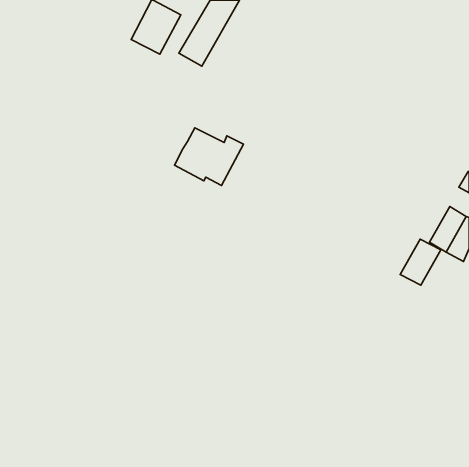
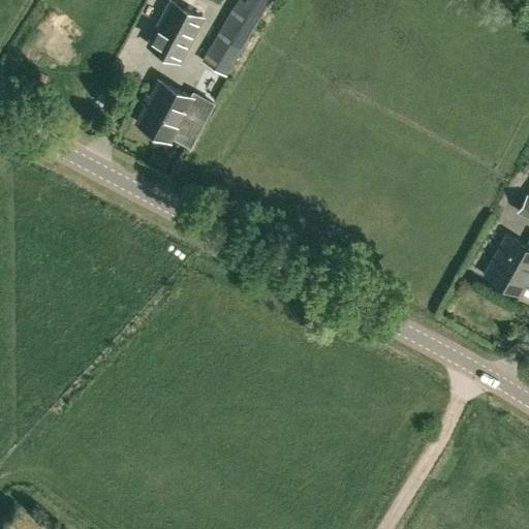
building: [175,128,243,185] -> [137,82,215,147]
building: [400,239,441,285] -> none

